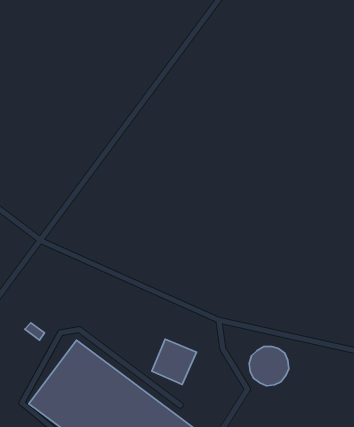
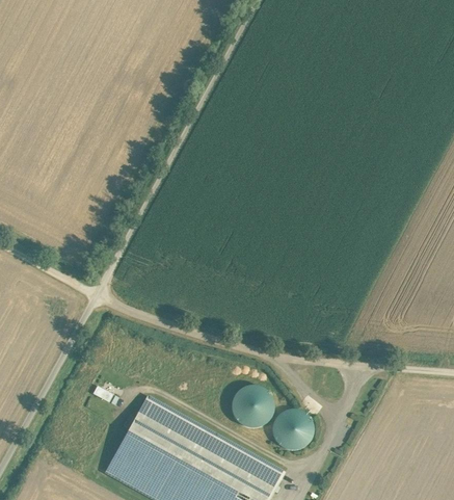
building: [249,346,289,386] -> [271,410,313,451]

